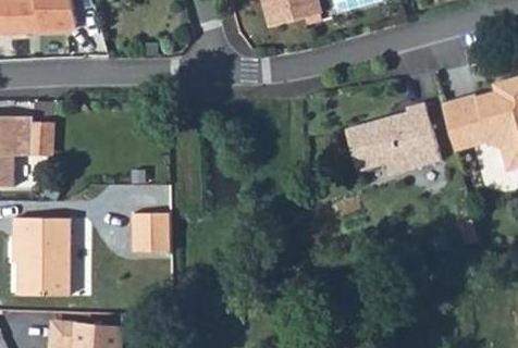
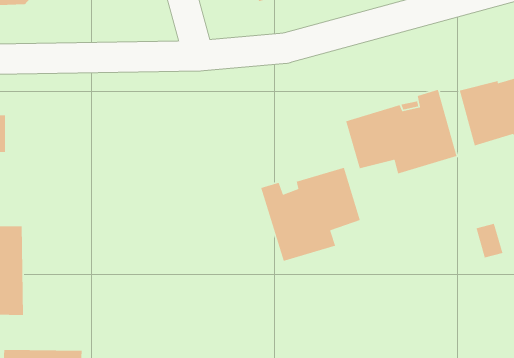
building: none -> [260,167,361,262]
building: [132,212,170,250] -> none

